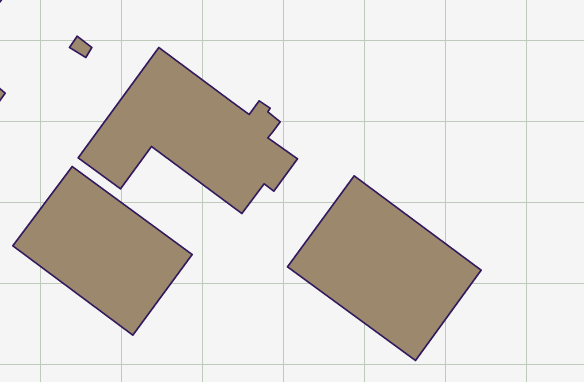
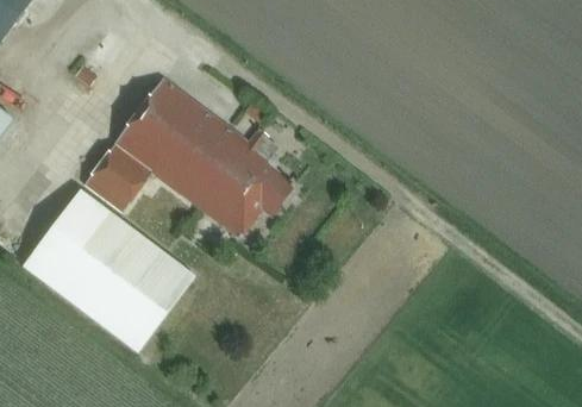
building: [287,176,481,361] -> none

